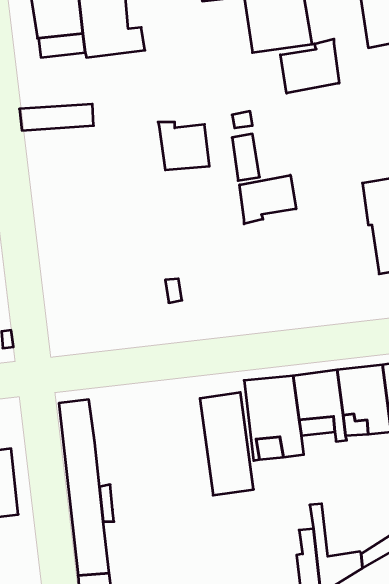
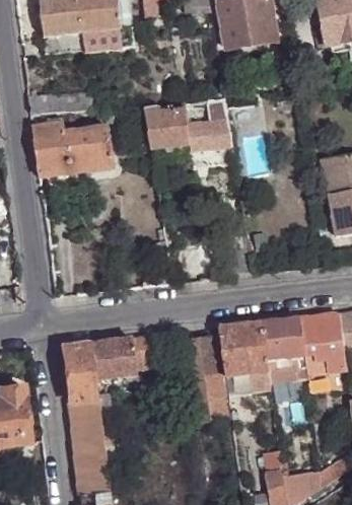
building: [280,39,339,93] -> none
building: none -> [33,123,117,176]
building: [240,175,296,224] -> none
building: none -> [88,336,154,379]

